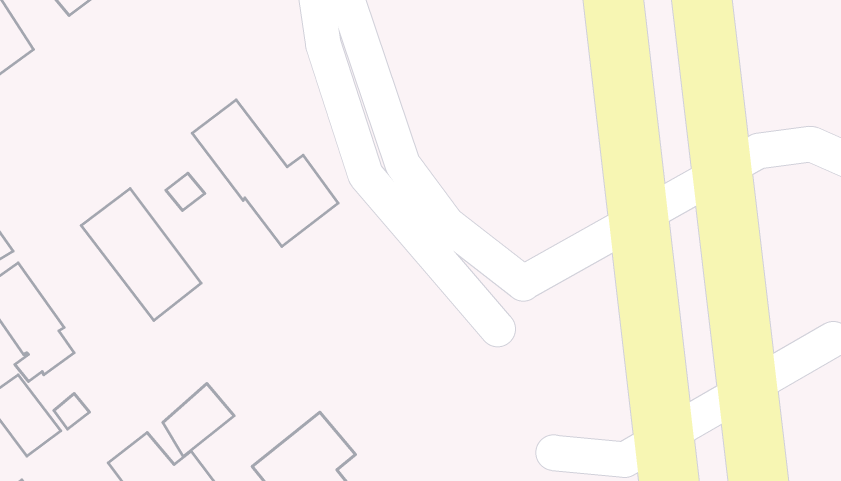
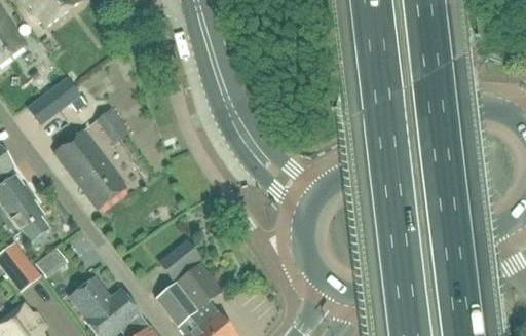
building: [192,100,338,247] -> none
building: none -> [27,77,87,125]
building: [163,384,234,456] -> [159,237,202,282]

